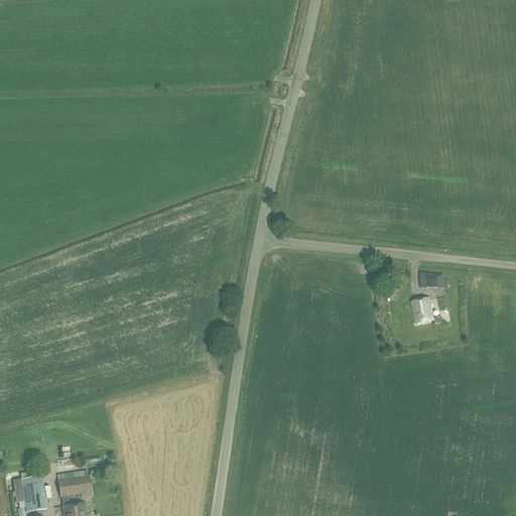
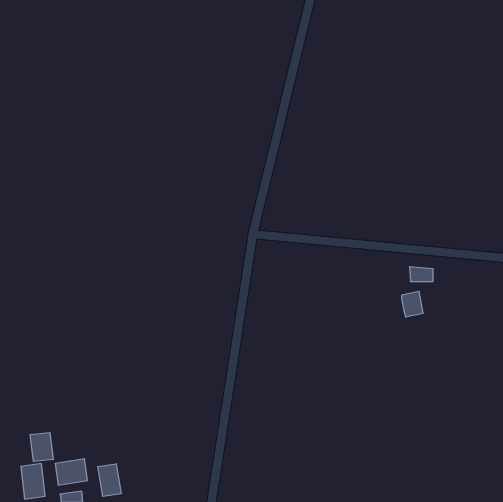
building: none -> [30,432,53,462]
building: none -> [98,464,121,496]

